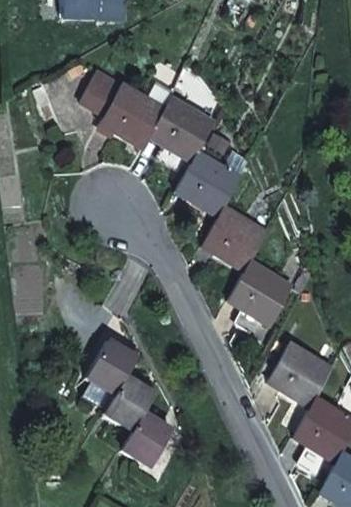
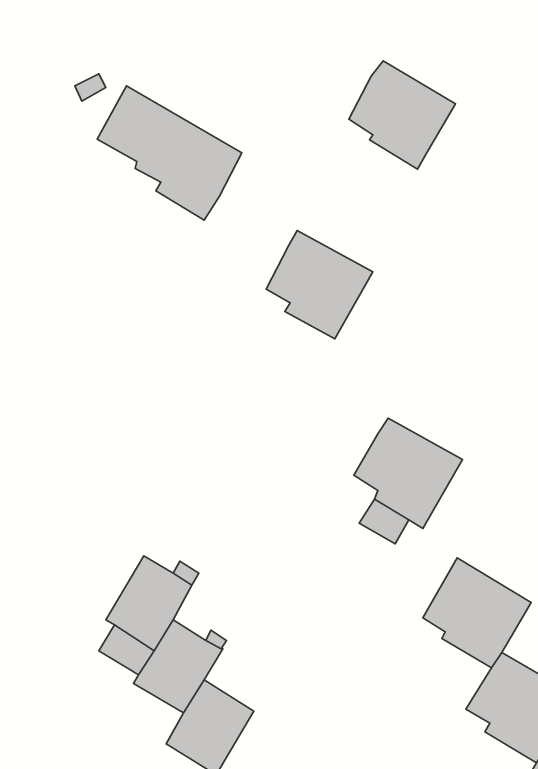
building: [152,99,214,162] -> [349,61,455,169]
building: [204,207,267,271] -> none

